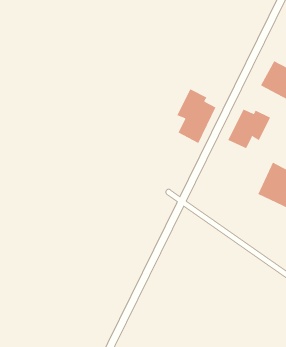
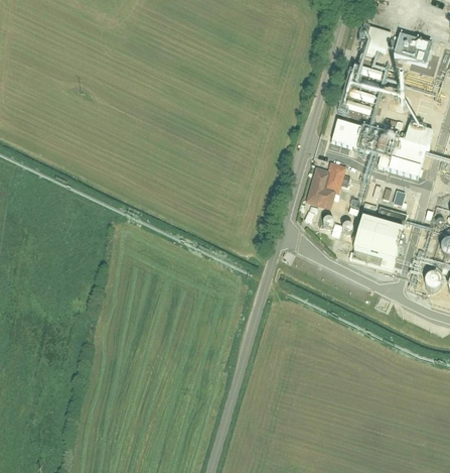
building: [177,88,216,144] -> none

